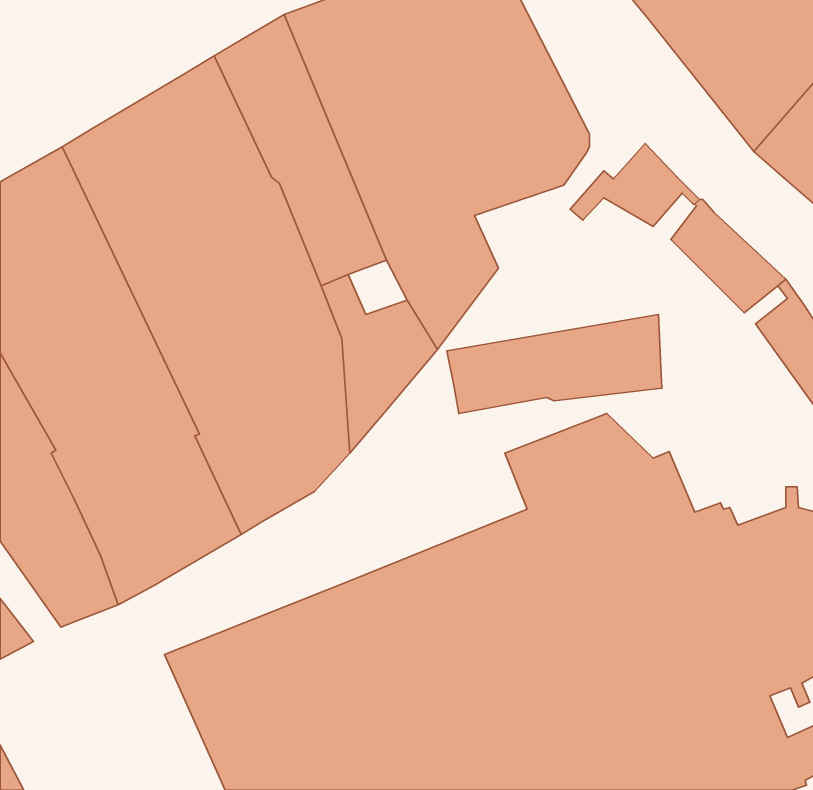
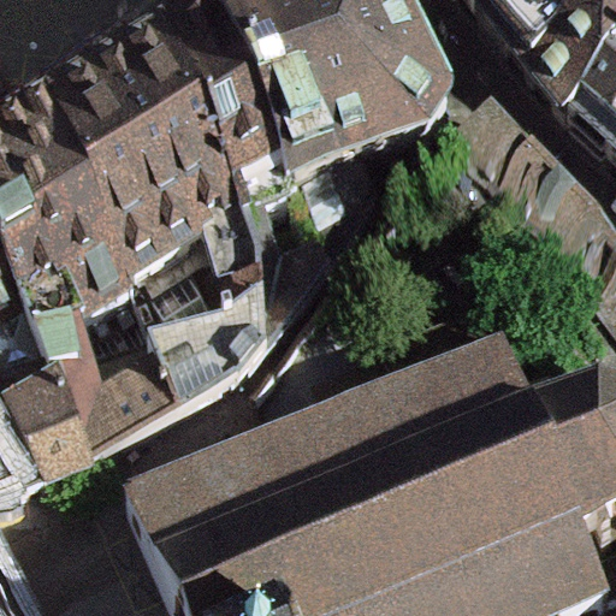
building: [447,315,662,413] -> none

